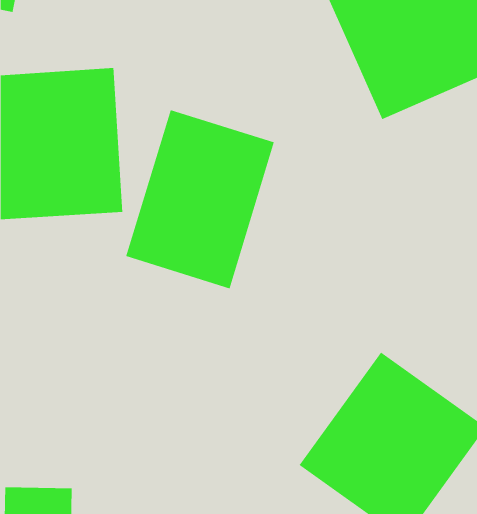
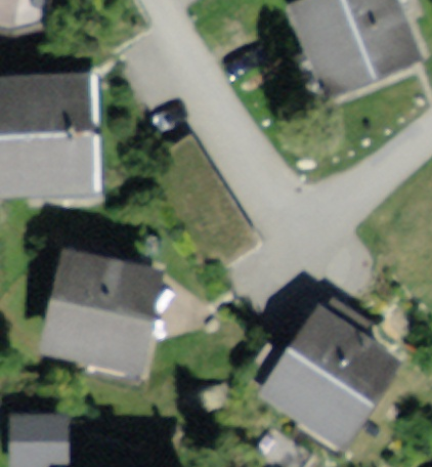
building: [125,109,275,289] -> none
building: none -> [36,252,163,379]

